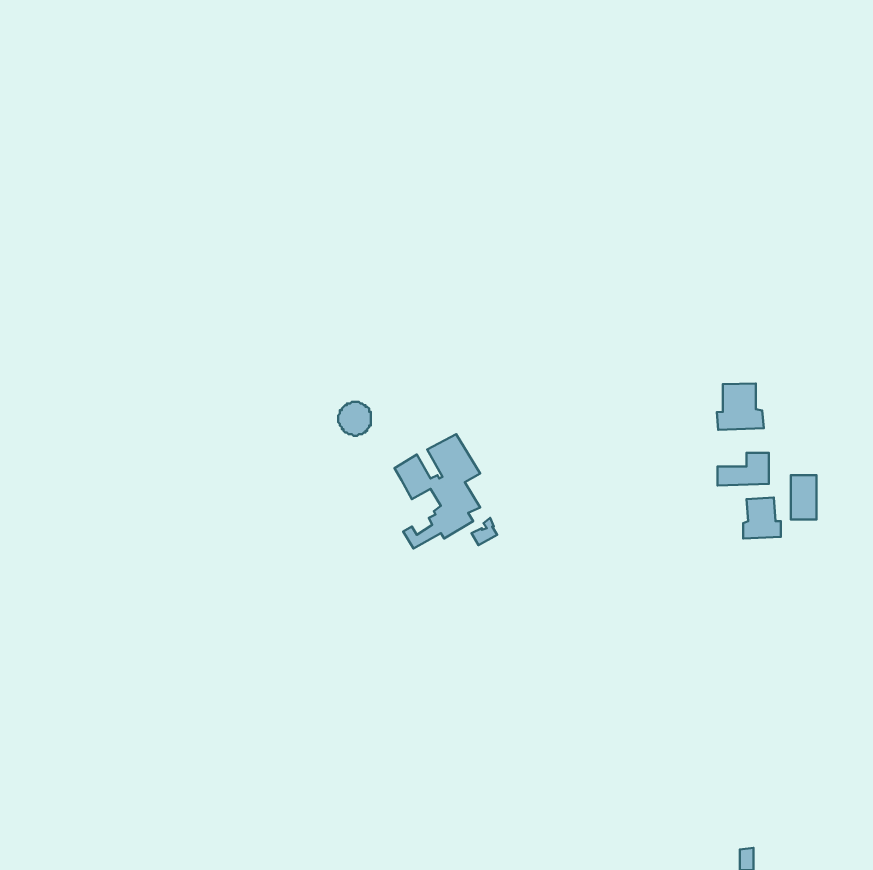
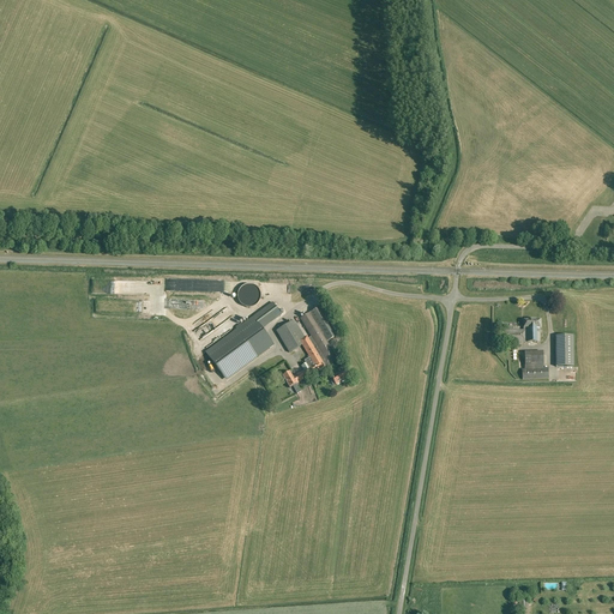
building: [717,384,764,430] -> none
building: none -> [205,300,282,378]

